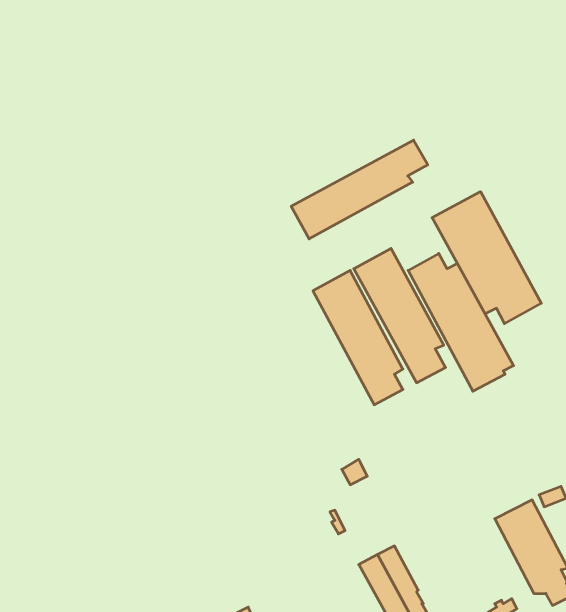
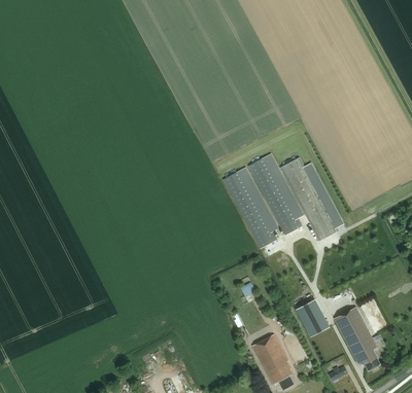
building: [291,140,428,239] -> none
building: [432,192,541,324] -> none
building: none -> [297,302,328,338]

